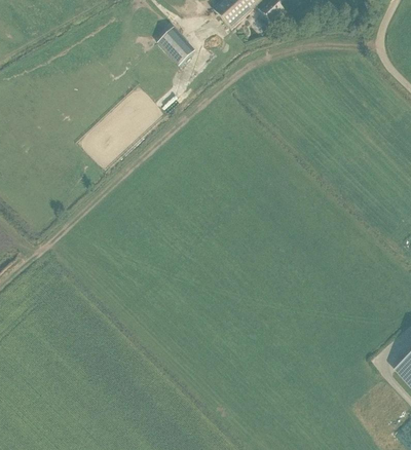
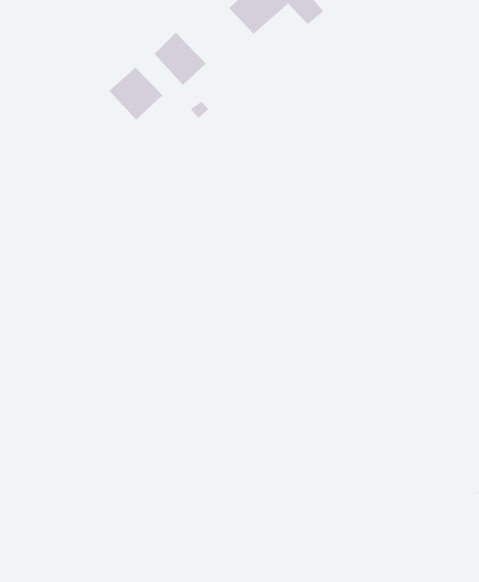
building: none -> [109,67,163,120]

